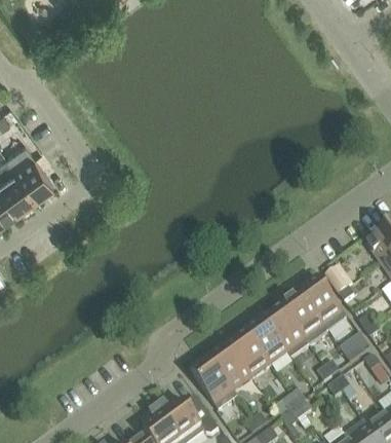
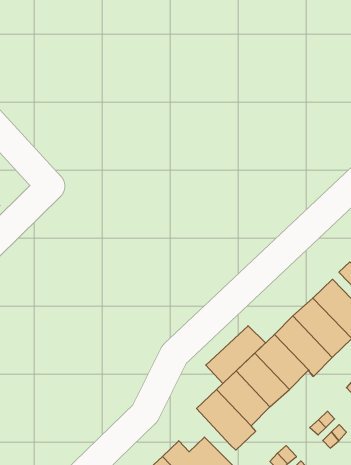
building: none -> [206,326,266,383]

